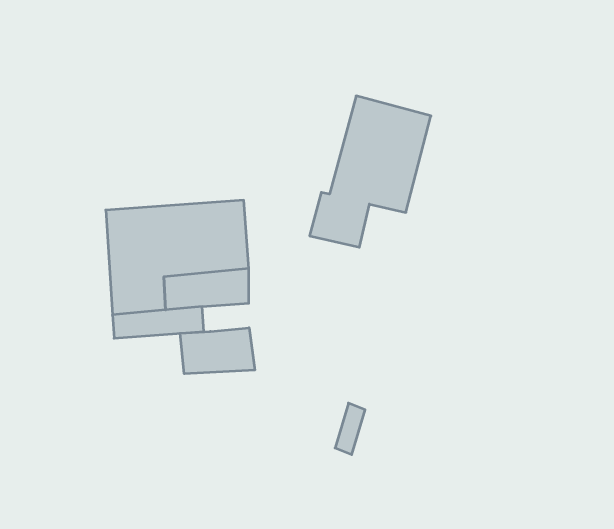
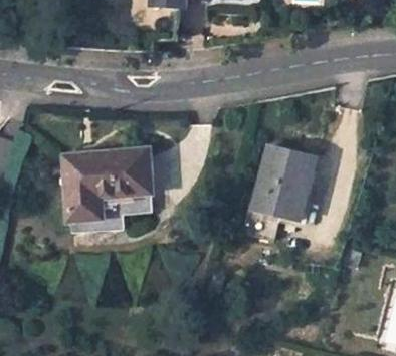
building: [310,96,431,247] -> [238,147,312,239]
building: [180,328,255,374] -> none

